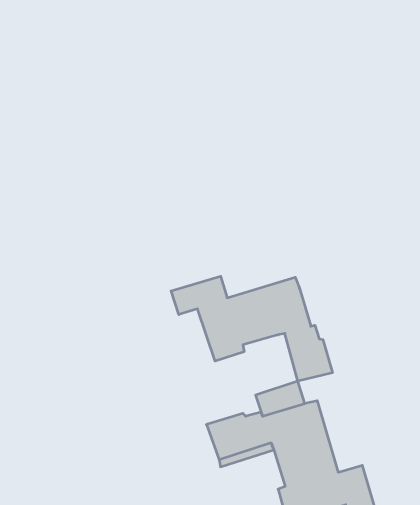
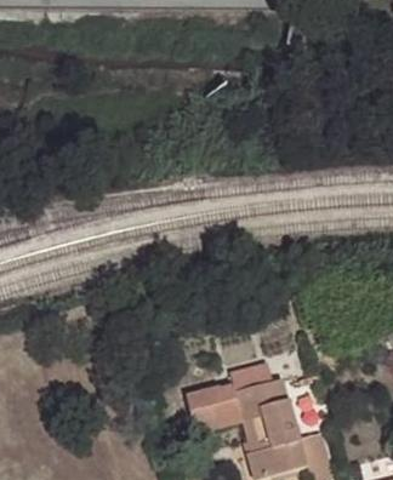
building: [171,276,332,381] -> none

